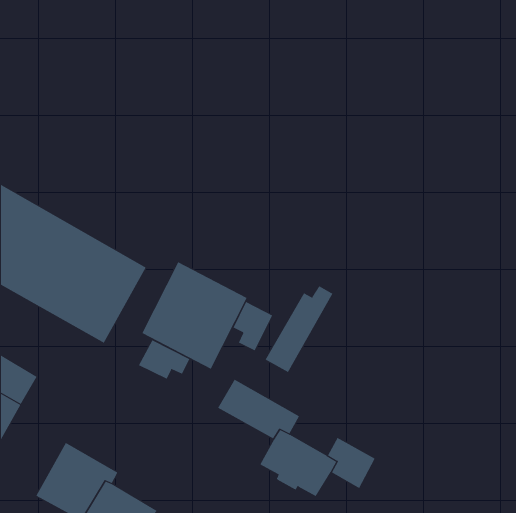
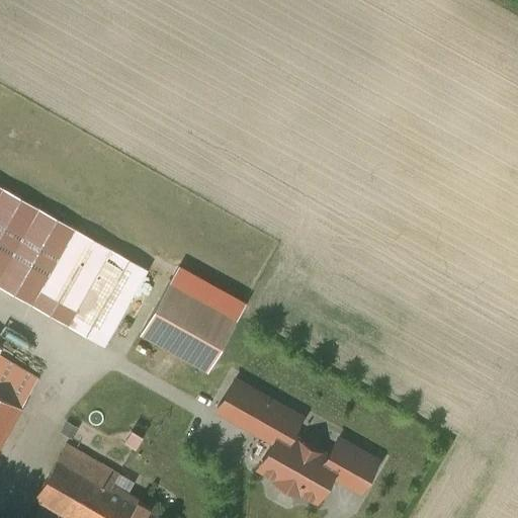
building: [265,285,333,373] -> none
building: [233,301,273,351] -> none
building: [138,339,190,379] -> none

